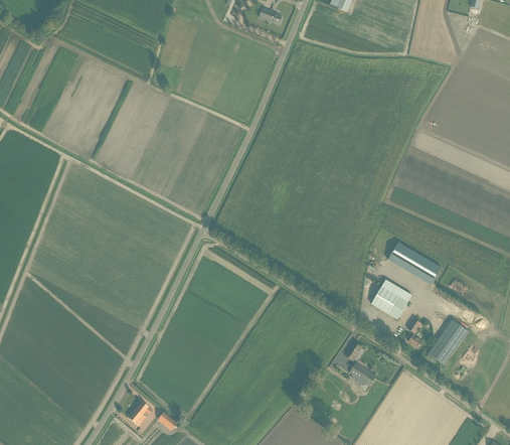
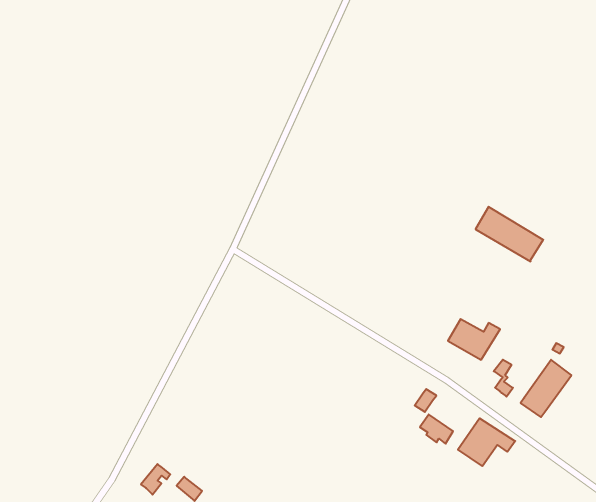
building: [387,241,441,284] -> [476,207,543,261]
building: none -> [458,418,515,466]

